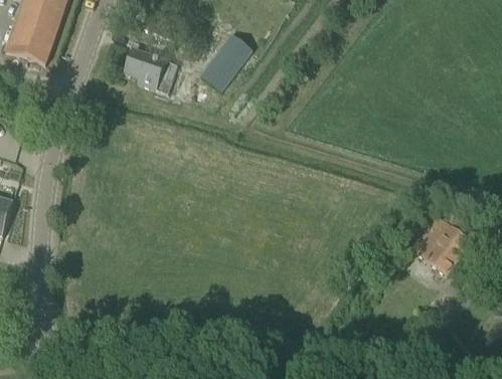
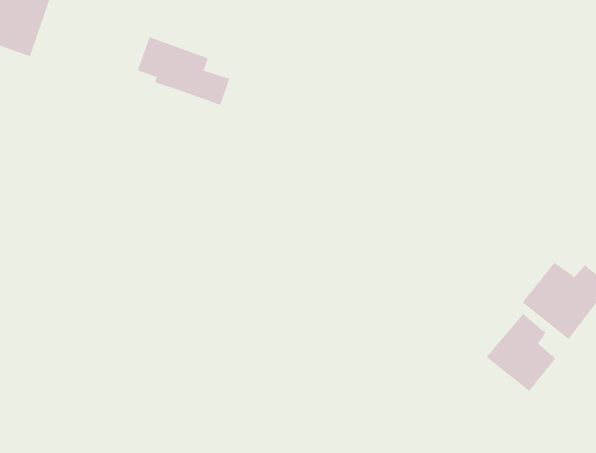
building: [197,37,253,99] -> none
building: none -> [486,313,556,392]

